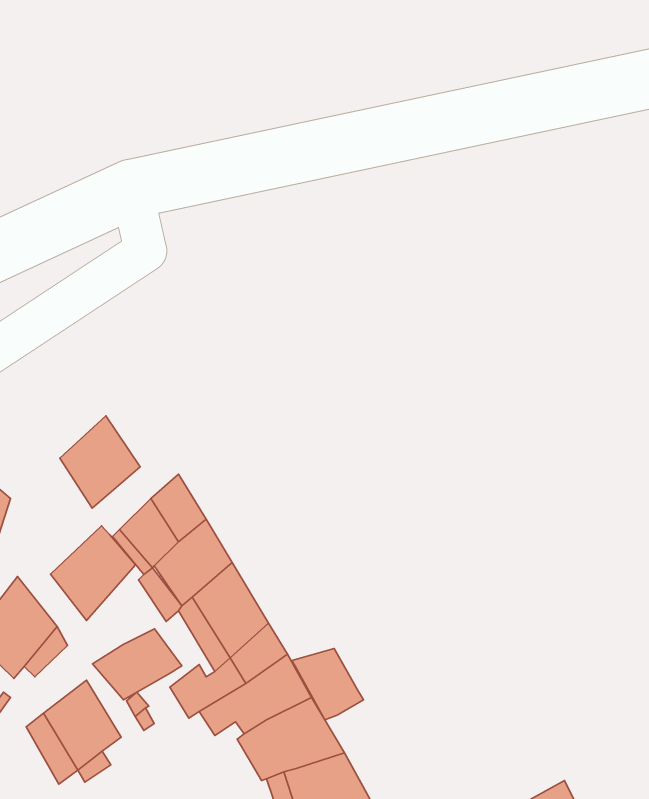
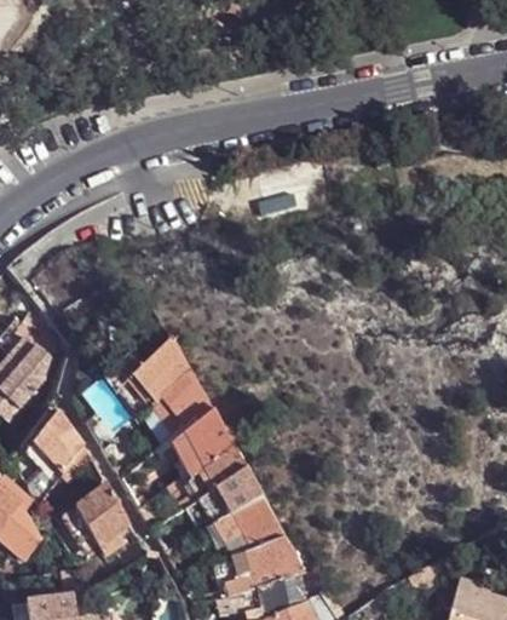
building: [60,416,140,508] -> none
building: [51,526,136,621] -> none
building: [92,629,182,700] -> none
building: [292,648,363,720] -> none

